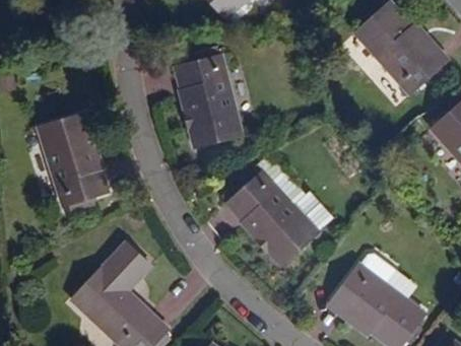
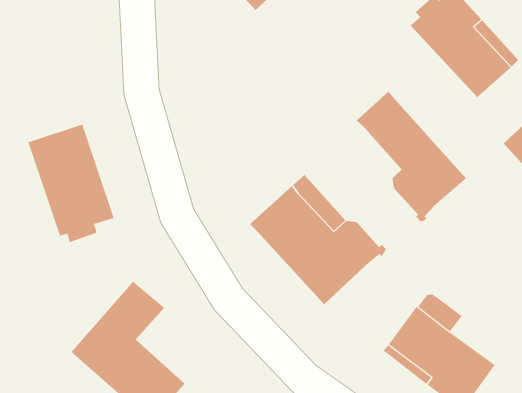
building: [177,53,242,146] -> none
building: none -> [356,91,467,222]

